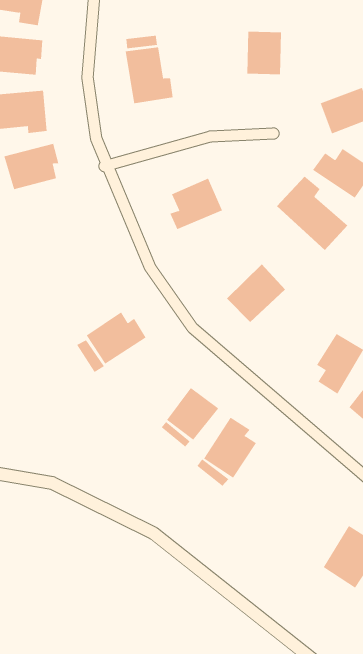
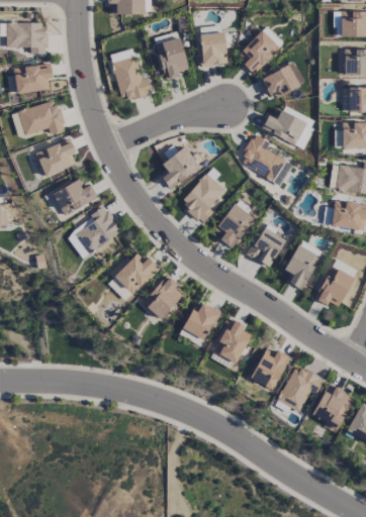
building: none -> [156,37,188,80]
building: none -> [239,30,280,75]
building: none -> [52,178,98,216]
building: none -> [180,174,225,224]
building: none -> [66,207,121,258]
building: none -> [247,226,285,268]
building: none -> [142,275,183,320]
building: none -> [249,348,290,391]
building: none -> [278,366,324,412]

